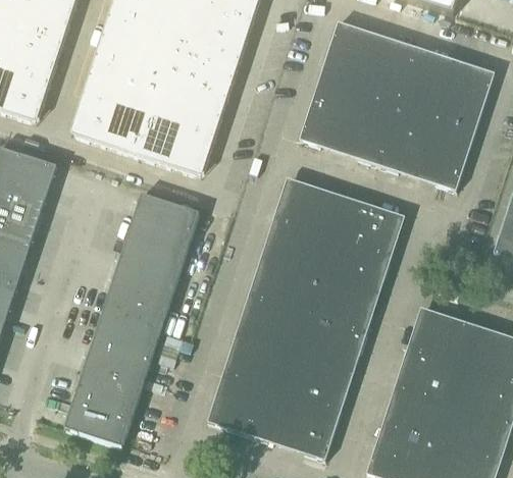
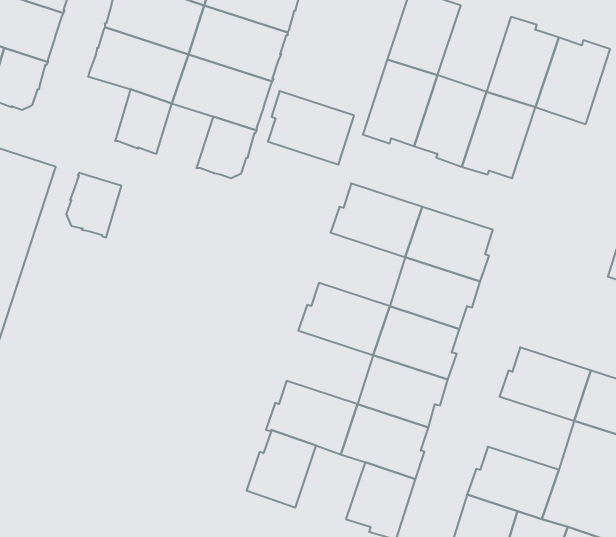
building: [358,37,416,105] -> none
building: [71,93,115,144] -> [66,173,121,237]
building: [136,114,181,165] -> none
building: [417,117,475,190] -> none
building: [63,192,199,445] -> none
building: [264,216,332,274] -> [268,91,354,165]
building: [239,294,307,352] -> none
building: [398,346,466,404] -> none
building: [246,384,301,442] -> none

